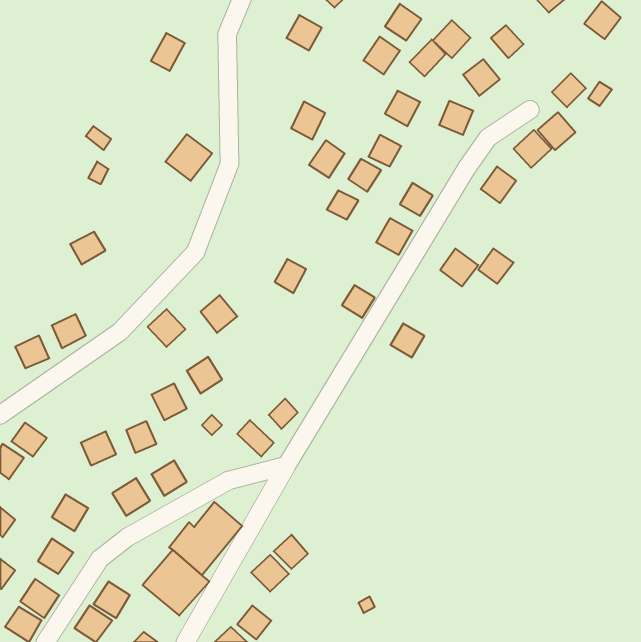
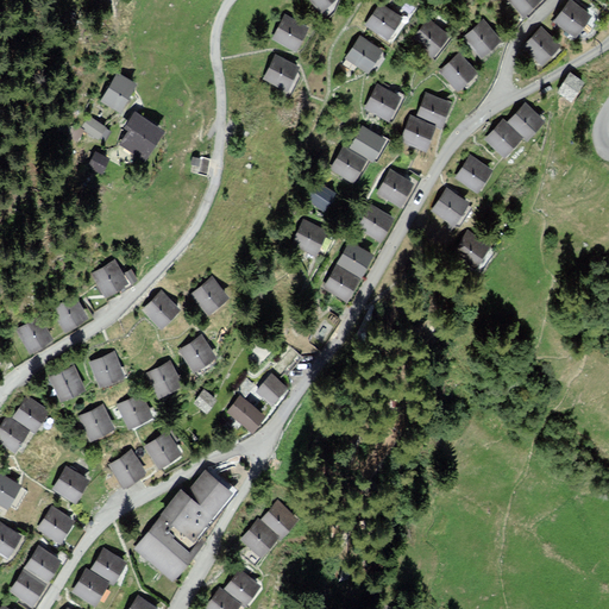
building: [151,33,185,71] -> [100,75,132,111]
building: [410,39,446,76] -> none
building: [552,73,586,107] -> [526,30,558,62]
building: [291,102,325,139] -> [264,52,296,88]
building: none -> [401,118,433,150]
building: [165,134,212,181] -> [115,114,159,158]
building: [309,140,345,178] -> none
building: [70,232,105,264] -> [90,263,124,294]
building: [440,249,478,286] -> [432,192,467,227]
building: [275,259,306,293] -> [294,222,324,255]
building: [390,323,424,357] -> [339,244,371,276]
building: none -> [90,354,121,385]
building: none -> [51,368,82,401]

